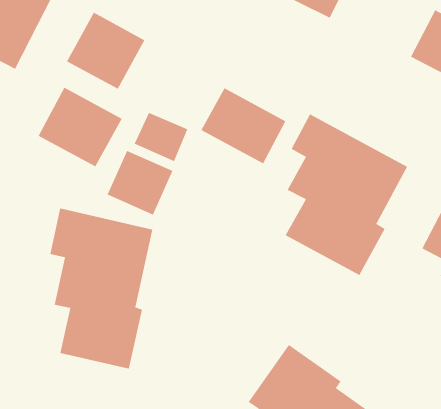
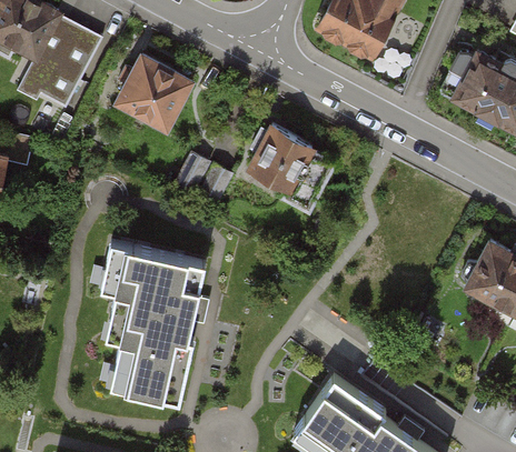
building: [38,87,122,167] -> none
building: [285,113,408,276] -> none
building: [107,150,173,215] -> none

